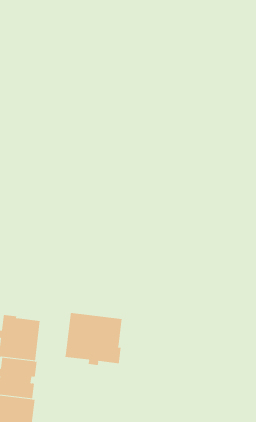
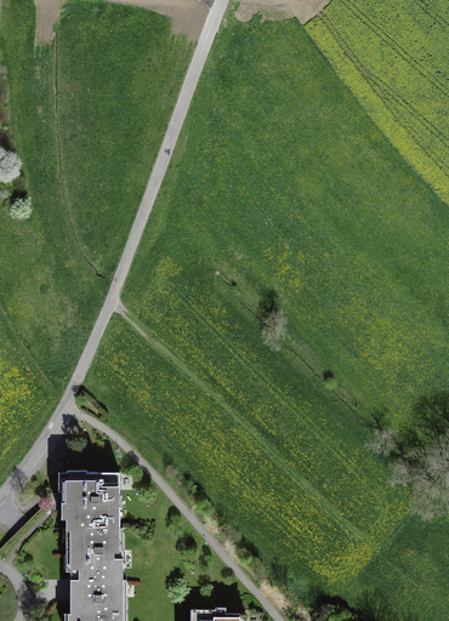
building: [65,312,122,366] -> none

